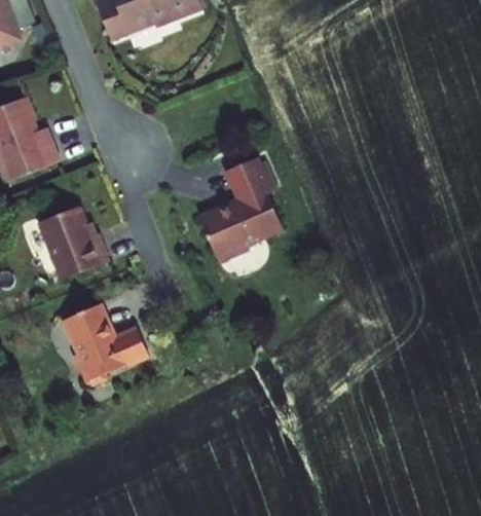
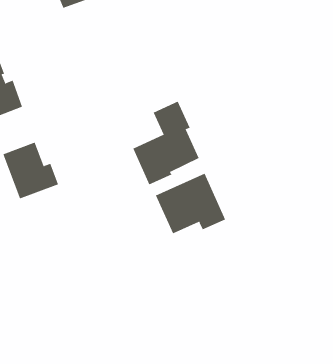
building: none -> [155,173,226,234]
building: [63,305,147,388] -> none

